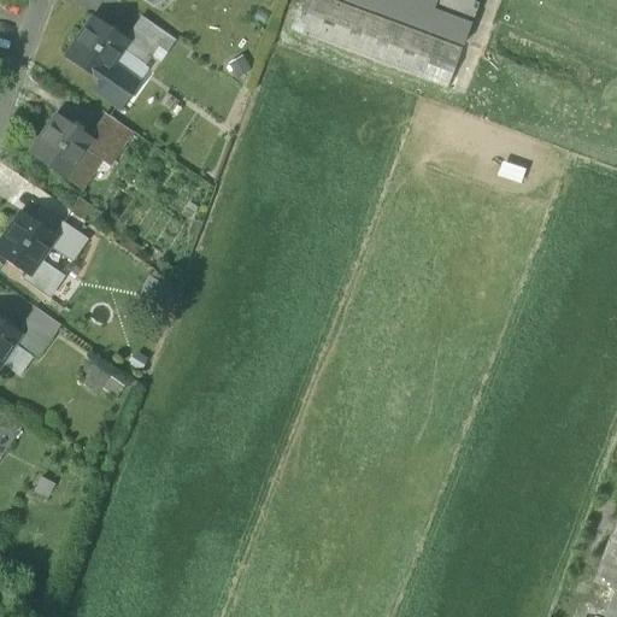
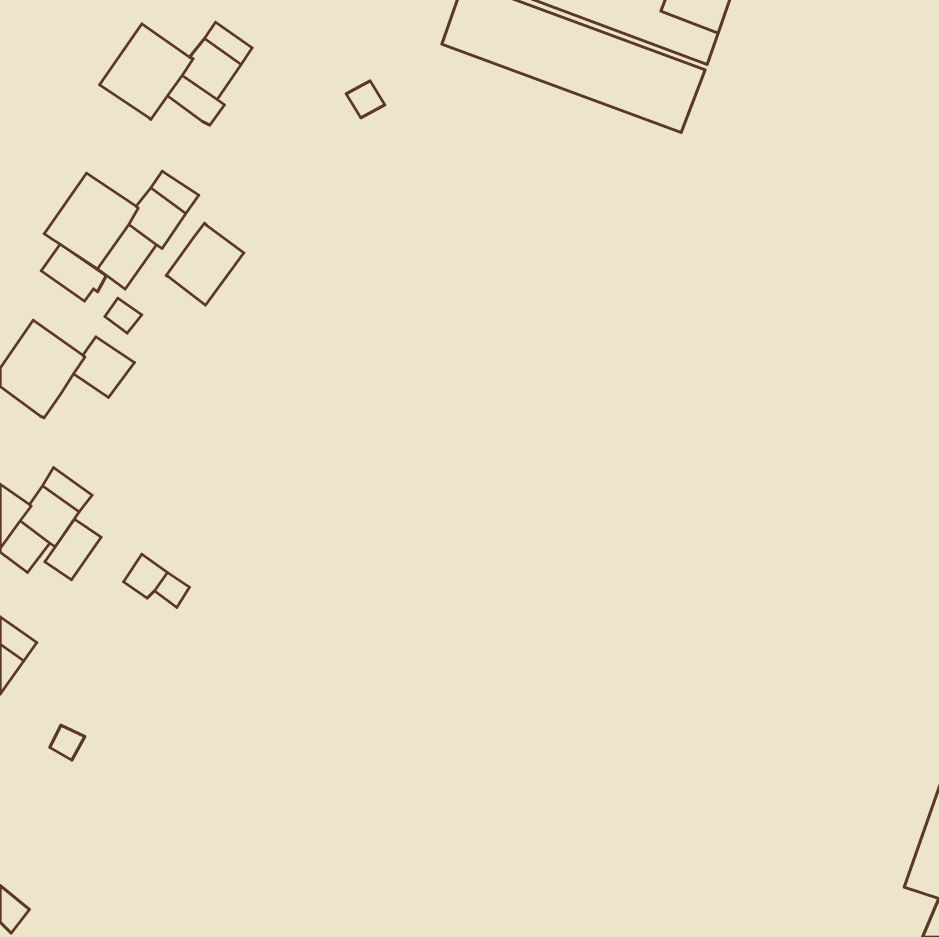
building: [93,63,134,102] -> none
building: none -> [166,223,244,305]
building: none -> [41,244,106,301]
building: [25,258,64,294] -> none
building: none -> [45,519,101,580]

